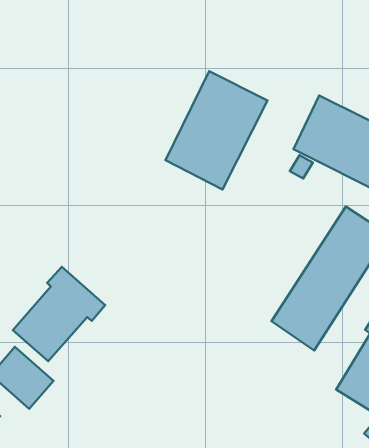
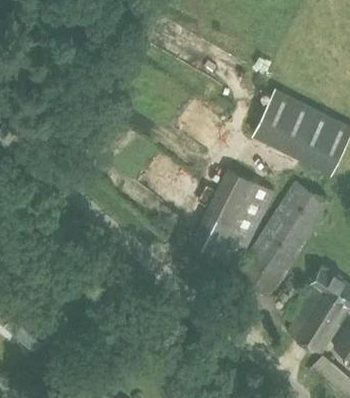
building: [165,71,268,190] -> [190,168,275,266]
building: [13,267,105,361] -> none

